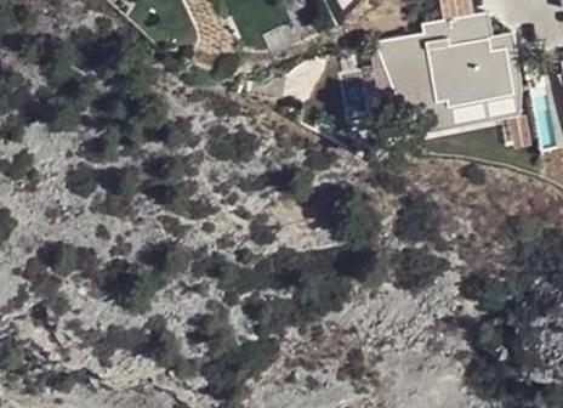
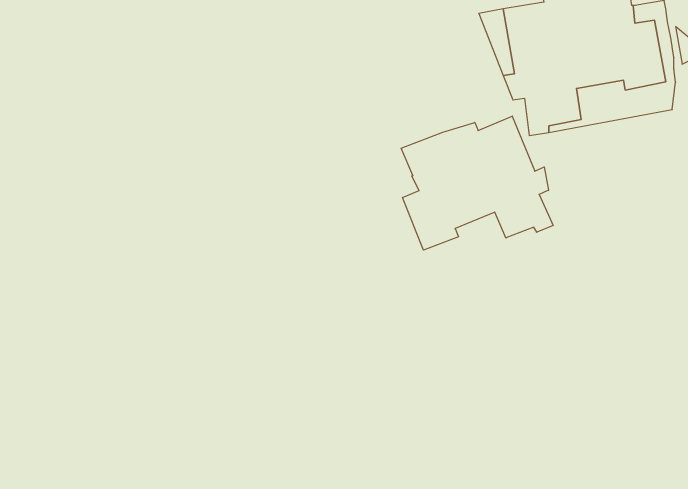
building: none -> [401,116,553,250]

